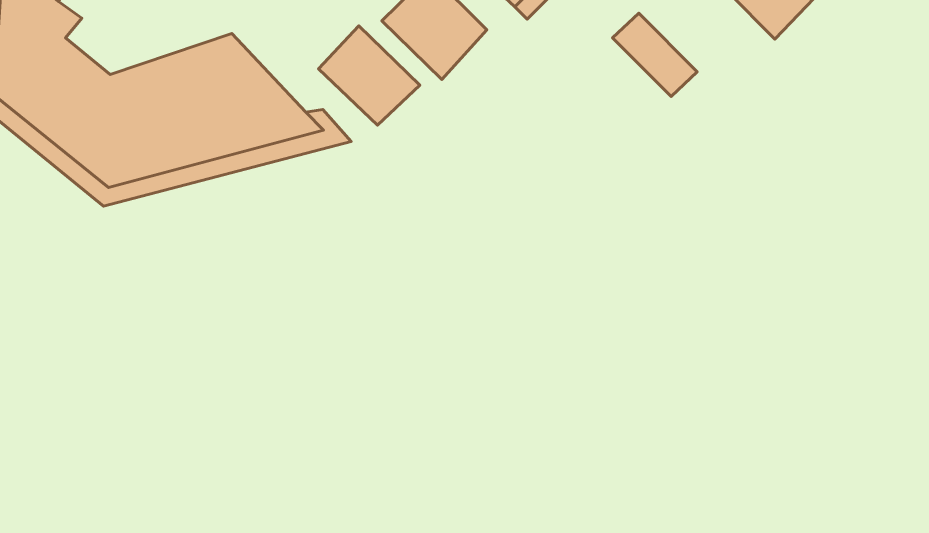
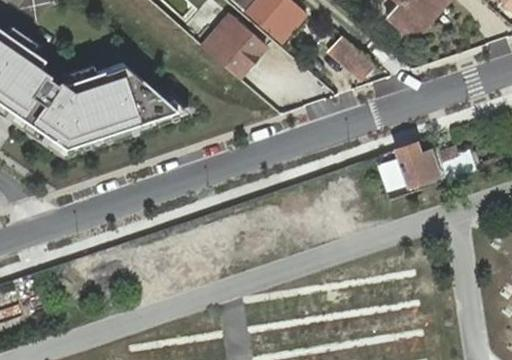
building: [319,26,420,125] -> none
building: none -> [394,143,462,184]

